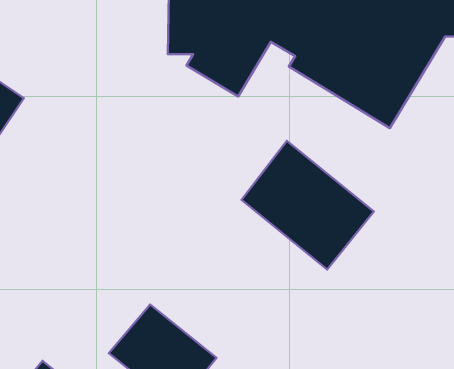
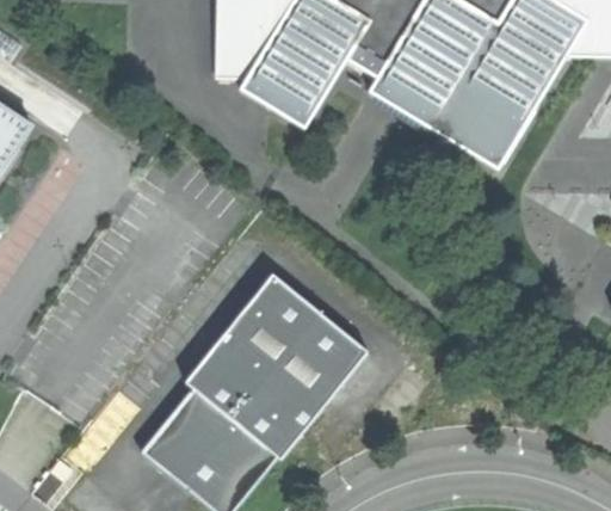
building: [242,141,374,270] -> none
building: none -> [185,275,369,461]

